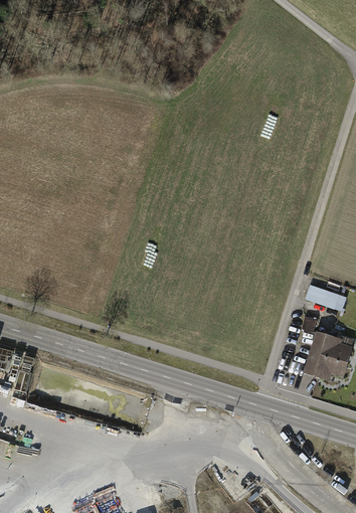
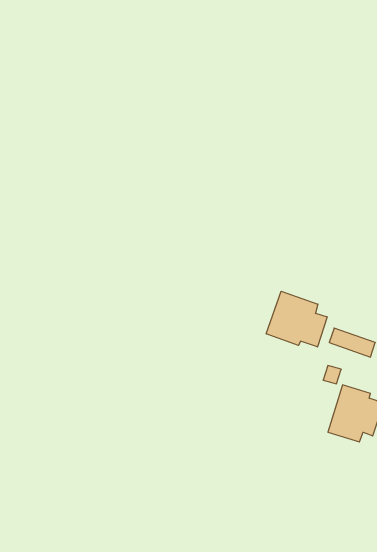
building: none -> [266,291,327,347]

